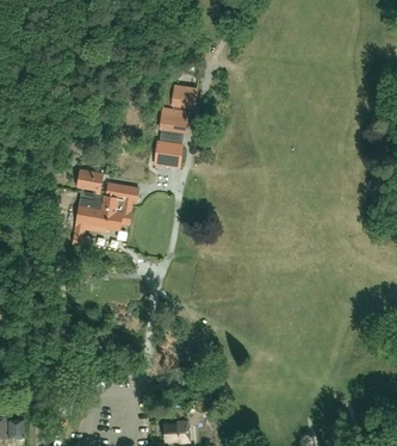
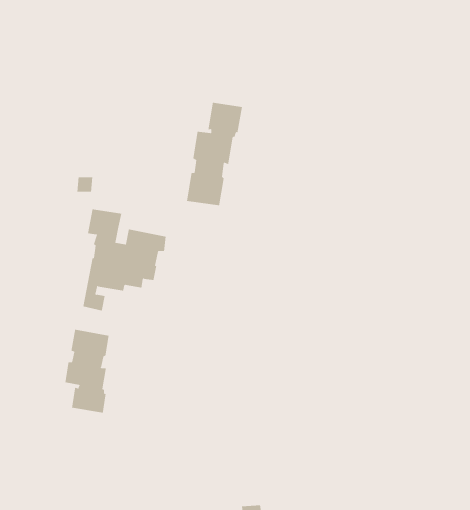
building: none -> [65,329,109,414]

